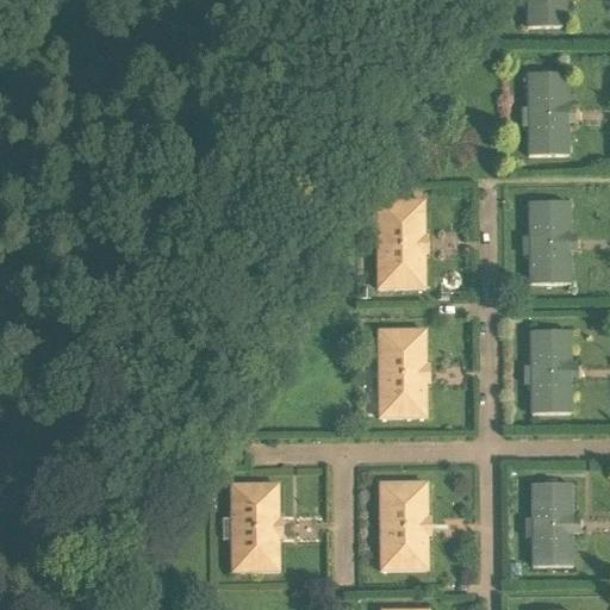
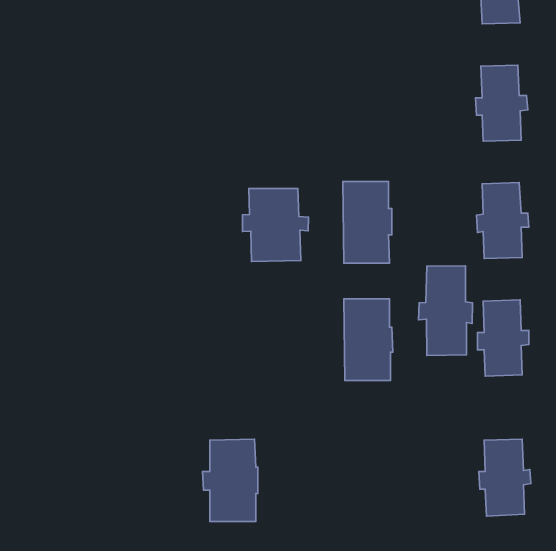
building: none -> [242,188,309,262]
building: none -> [419,266,473,355]
building: [378,480,431,569] -> none

